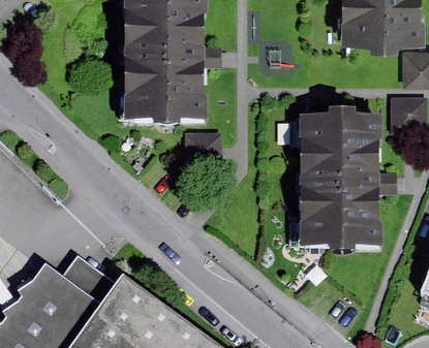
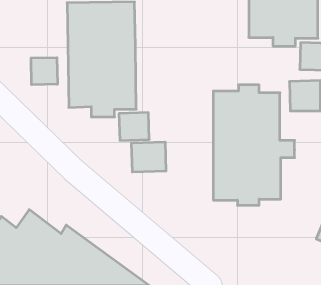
building: none -> [31,58,57,85]
building: none -> [131,142,166,172]

